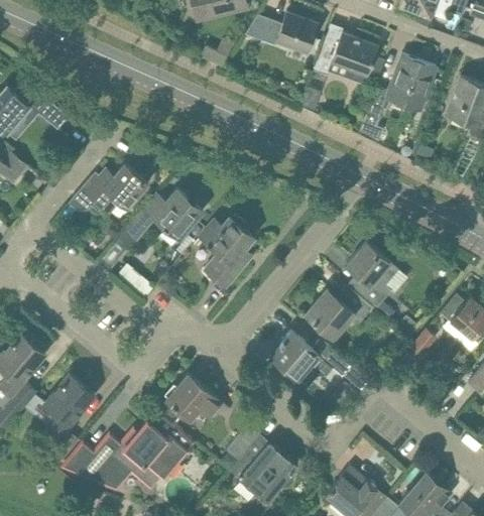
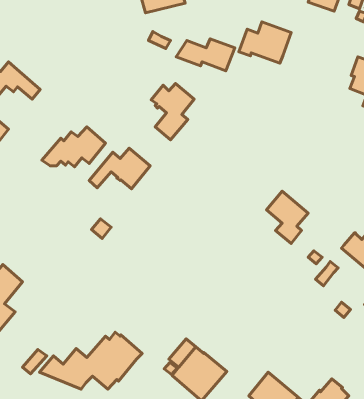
building: [244,13,317,52] -> [176,39,235,71]
building: [365,56,436,120] -> none
building: [200,218,253,287] -> [151,84,194,140]
building: [306,286,372,338] -> none
building: [270,332,352,387] -> none
building: [165,374,223,420] -> none
building: [44,375,94,436] -> none

